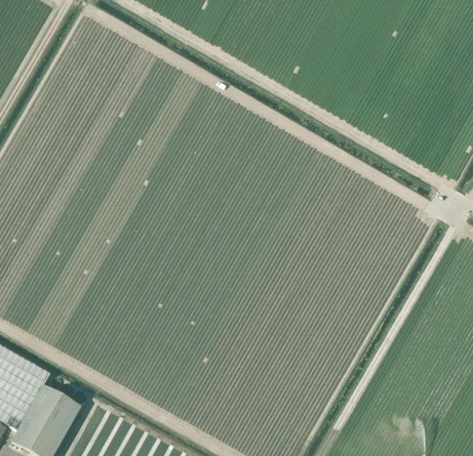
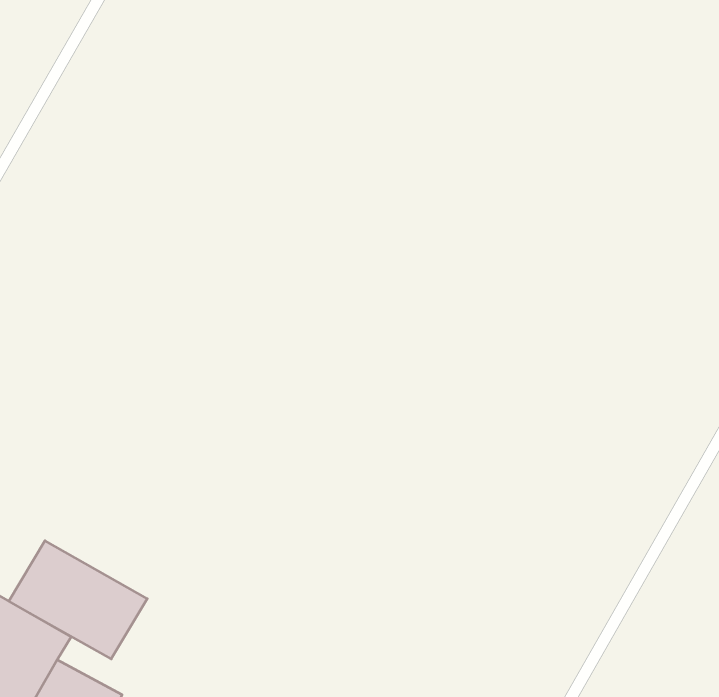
building: none -> [9,541,147,659]

